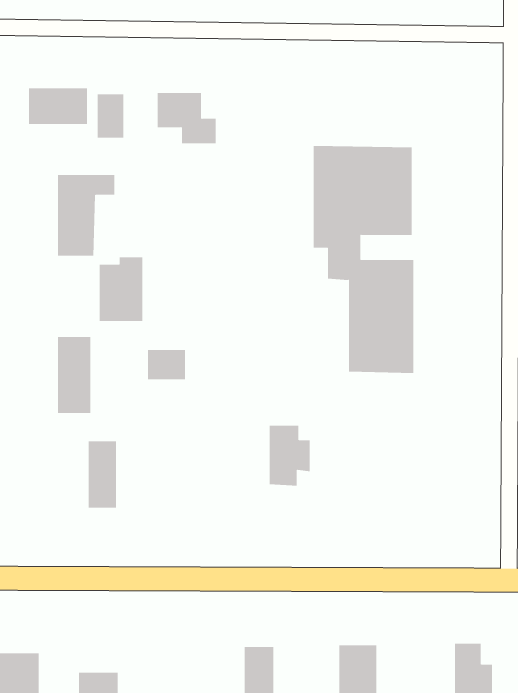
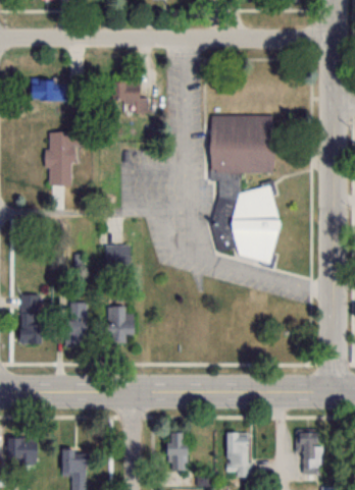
building: [97,94,124,138] -> none
building: [99,256,143,322] -> none
building: [57,336,91,413] -> [20,294,42,343]
building: [269,425,310,486] -> [107,305,134,343]

